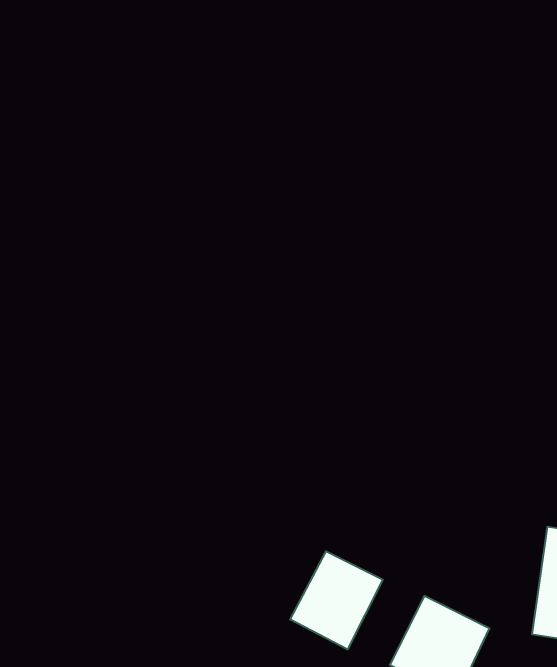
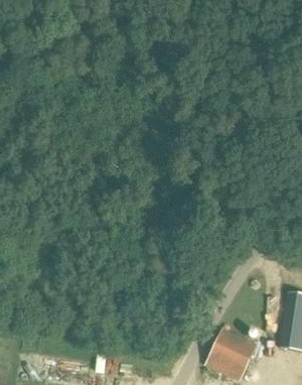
building: [290,551,383,649] -> none

